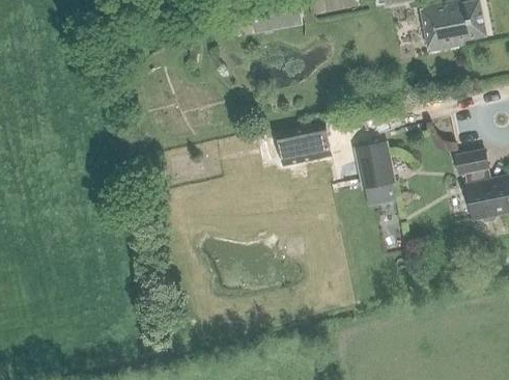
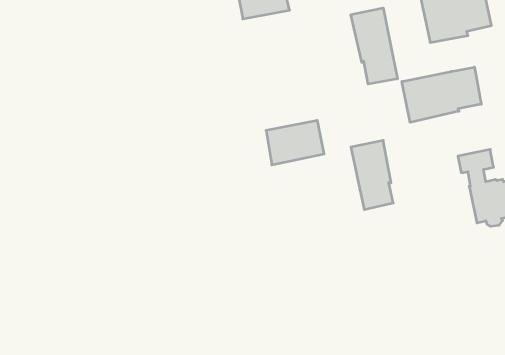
building: none -> [351,8,397,84]
building: none -> [402,67,481,122]

